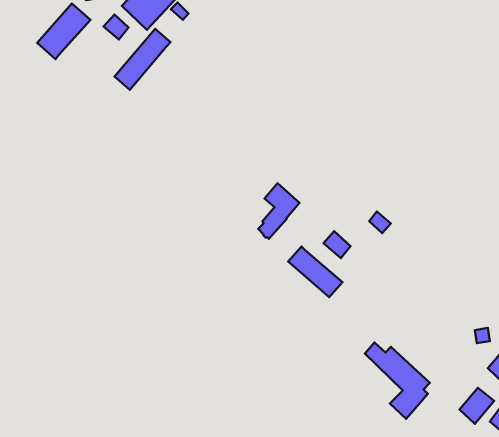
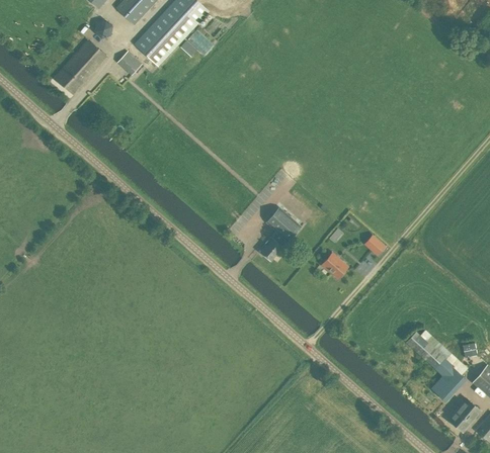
building: [114,29,171,90] -> none
building: [288,246,342,297] -> none
building: [365,343,430,419] -> [406,331,467,401]

